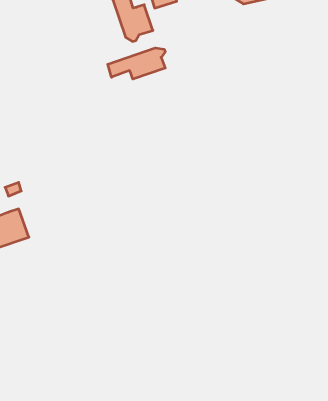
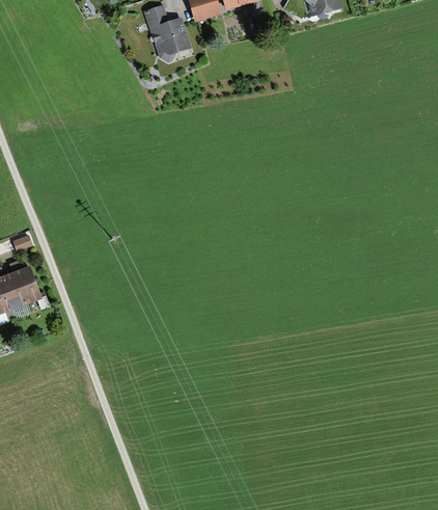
building: [108,48,165,79] -> none

